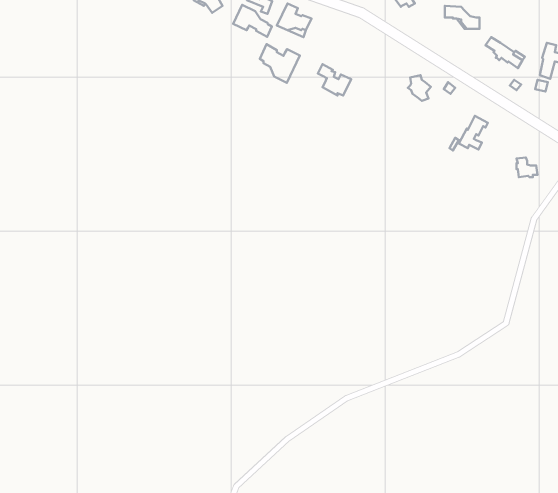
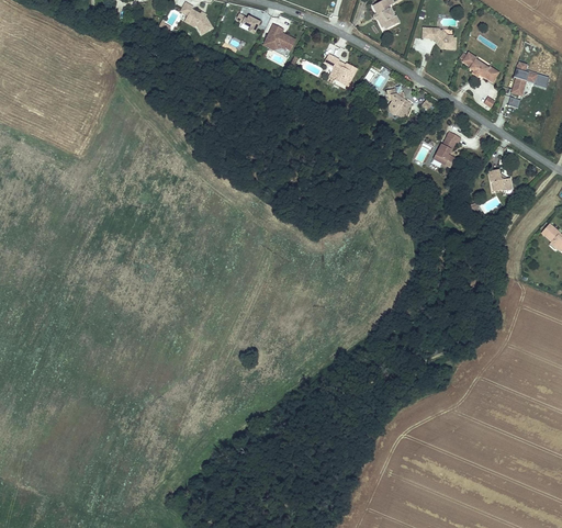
building: [233,5,272,37] -> none
building: [260,44,300,83] -> none
building: [318,64,351,95] -> [324,53,356,82]

